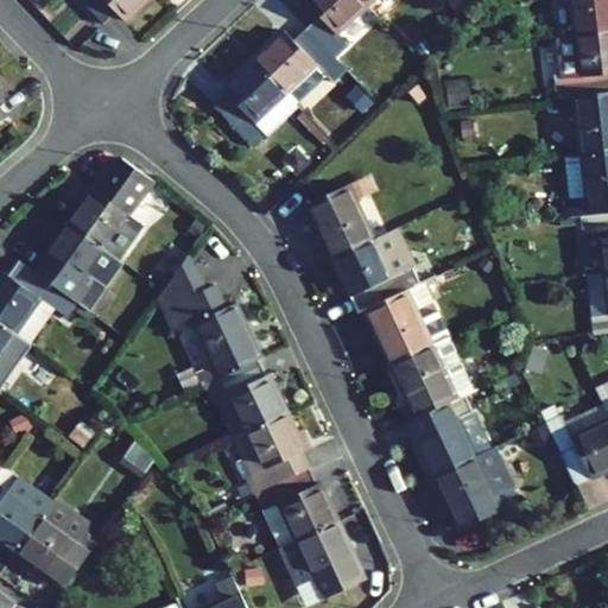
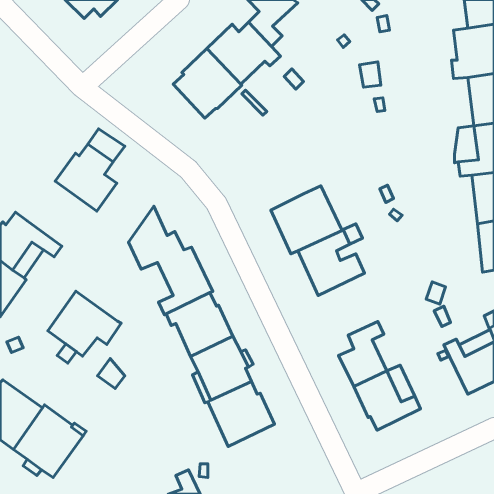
building: [306,173,378,258] -> none
building: [33,222,124,302] -> [48,291,121,356]
building: [391,335,473,420] -> none
building: [280,520,360,595] -> none

